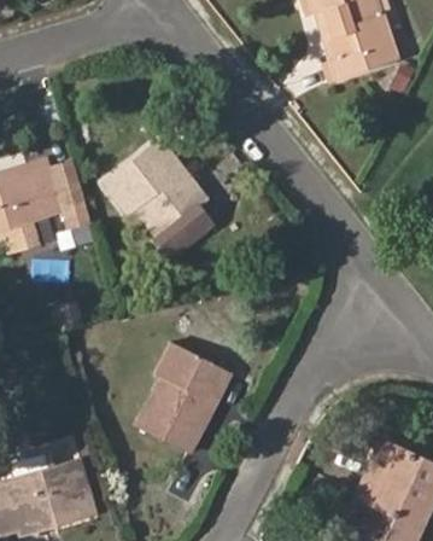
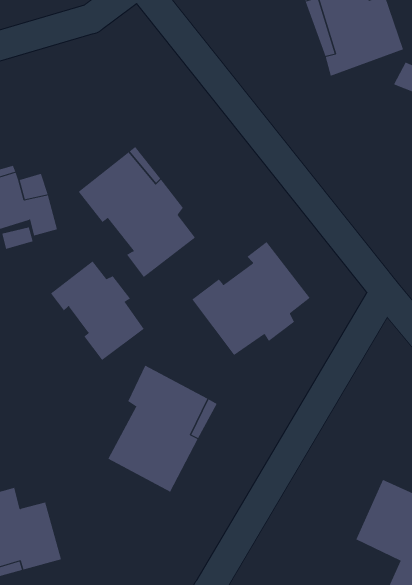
building: none -> [191,241,311,356]
building: none -> [50,260,145,361]

